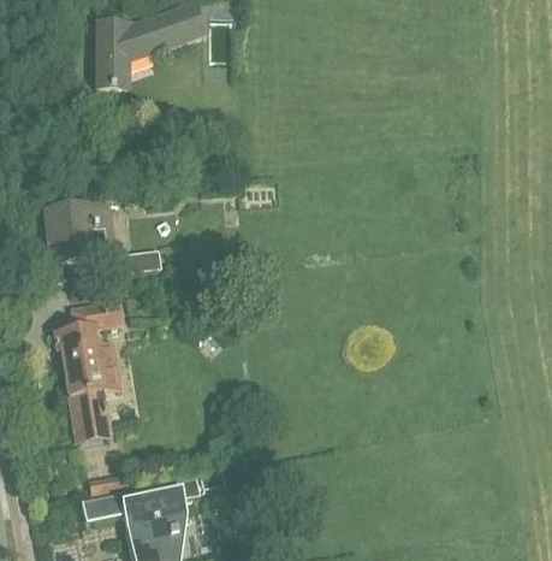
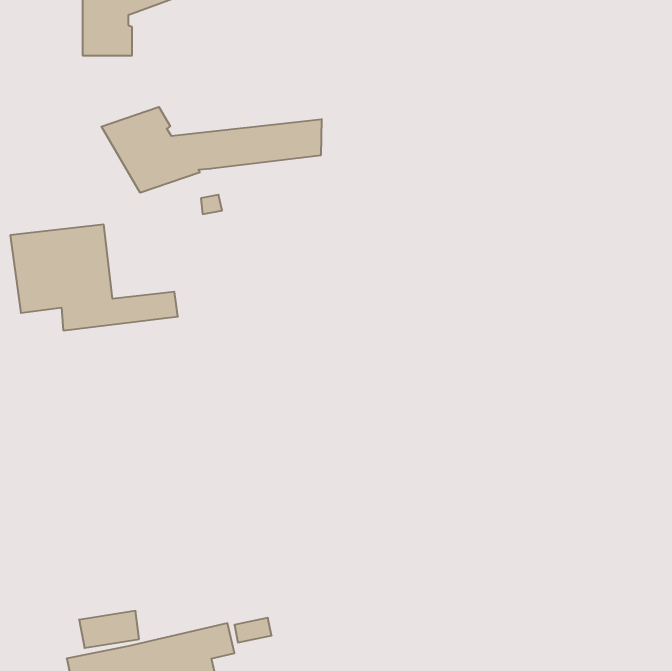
building: none -> [101,107,322,193]
building: [55,287,121,431] -> none

